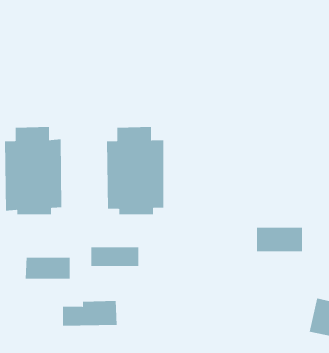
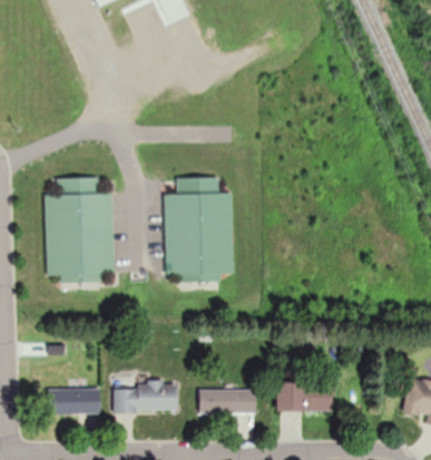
building: [256,227,303,252] -> [277,382,332,411]
building: [91,247,139,267] -> [199,390,256,413]
building: [25,257,71,279] -> [46,388,99,413]

